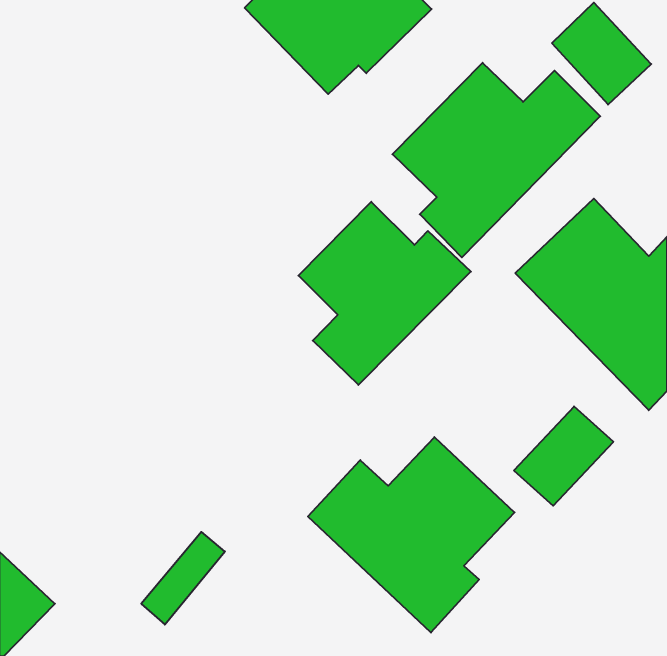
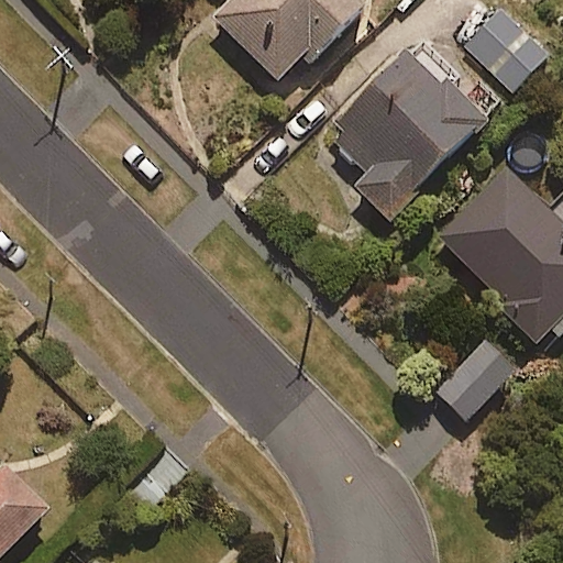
building: [298,202,471,385] -> none
building: [308,437,515,633] -> none

